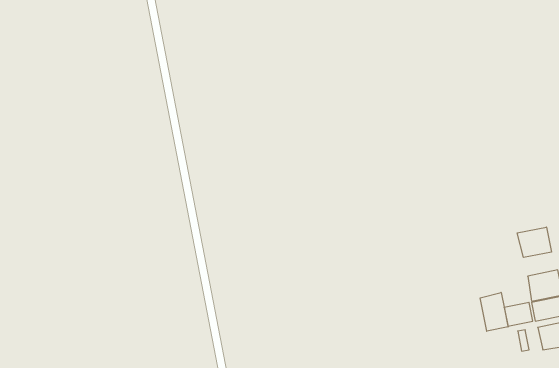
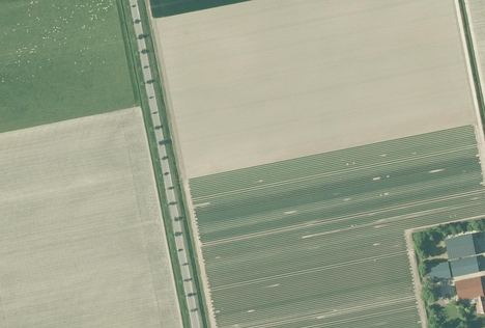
building: [517,227,551,257] -> none
building: [480,292,508,331] -> none

